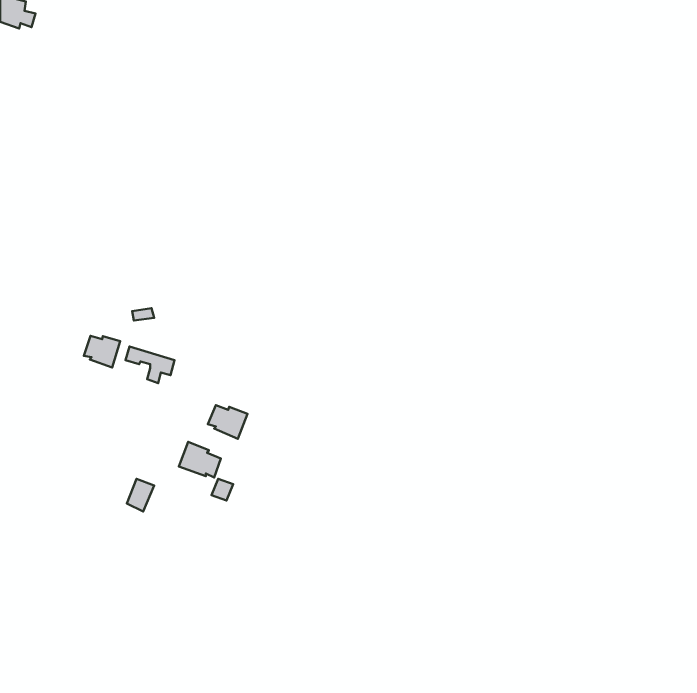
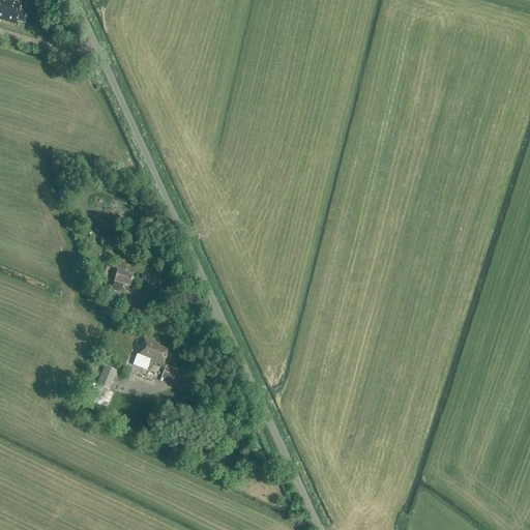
building: [84,336,120,367] -> none
building: [208,405,248,439] -> none

